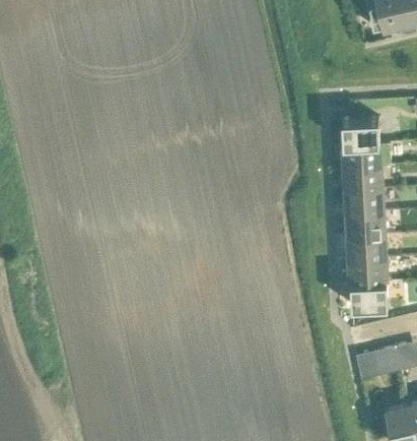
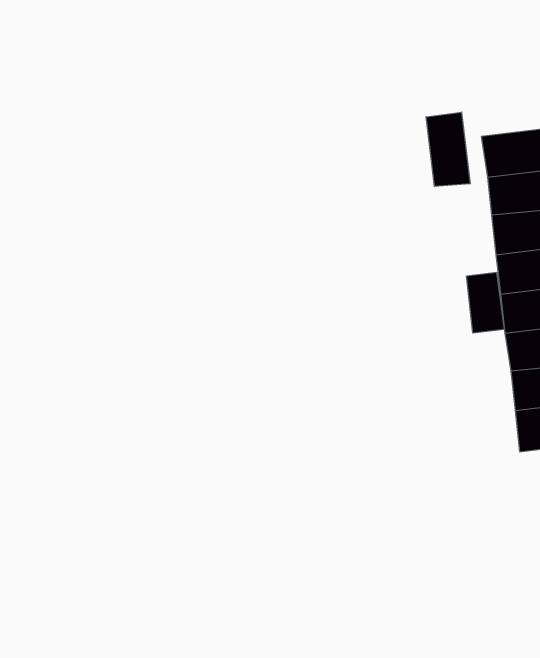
building: none -> [426,112,470,187]
building: none -> [467,272,504,333]

